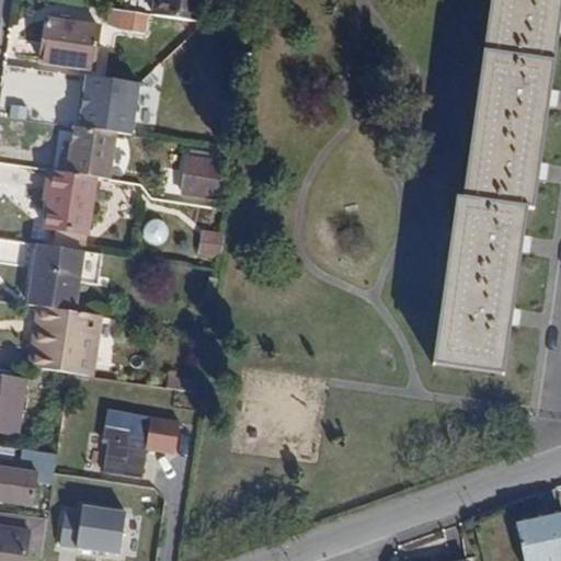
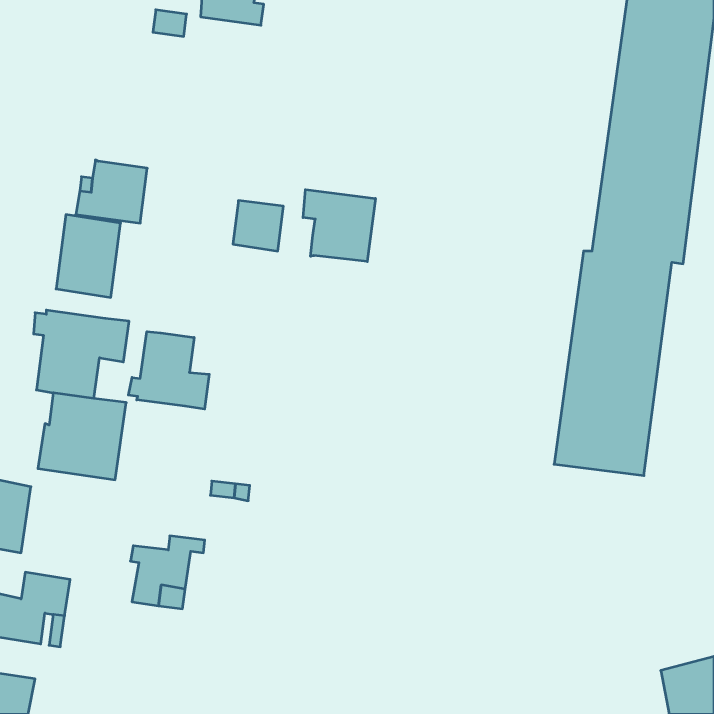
building: [41,18,96,64] -> none
building: [77,75,141,134] -> none
building: none -> [303,190,375,262]
building: none -> [128,332,209,409]
building: [60,503,128,551] -> none

